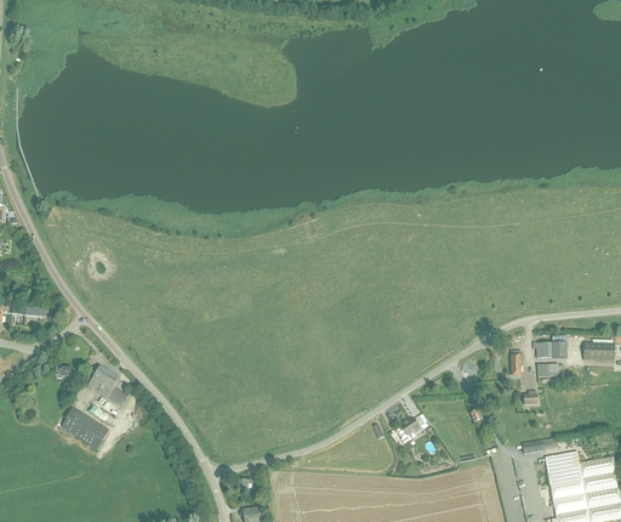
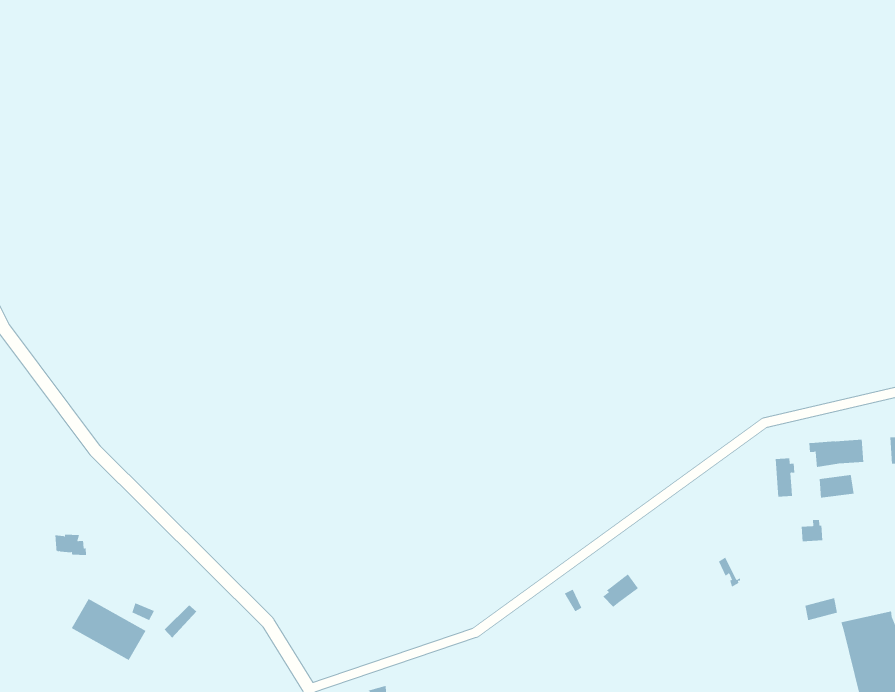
building: [87,365,129,407] -> none

